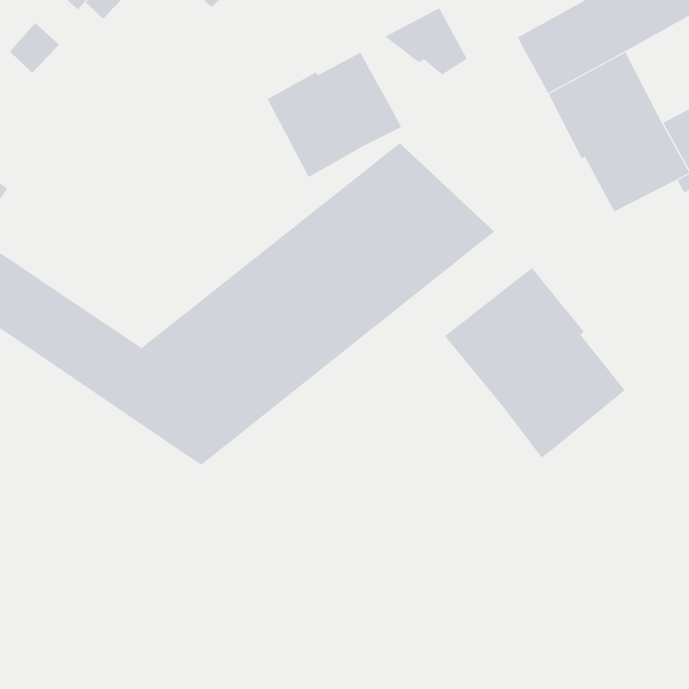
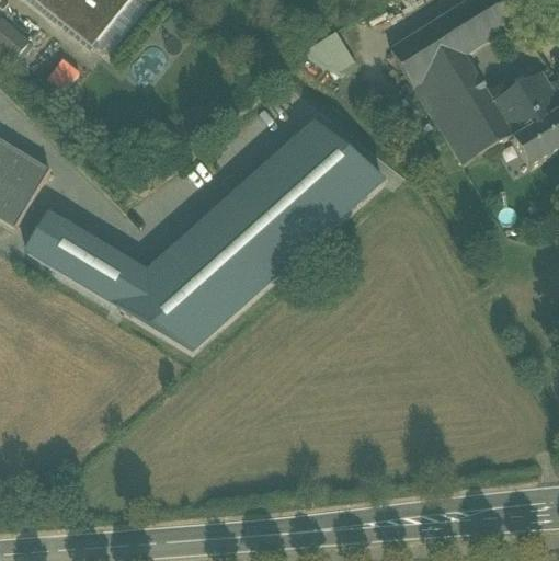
building: [267,52,402,178] -> none
building: [444,267,625,459] -> none

